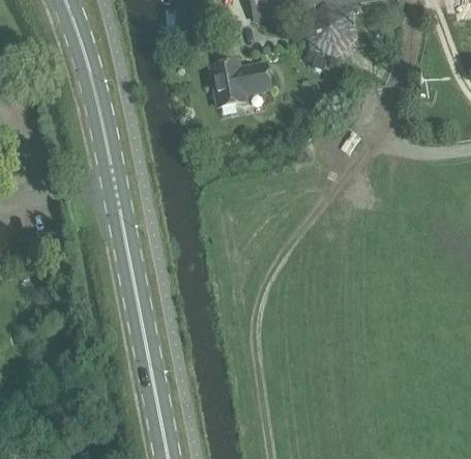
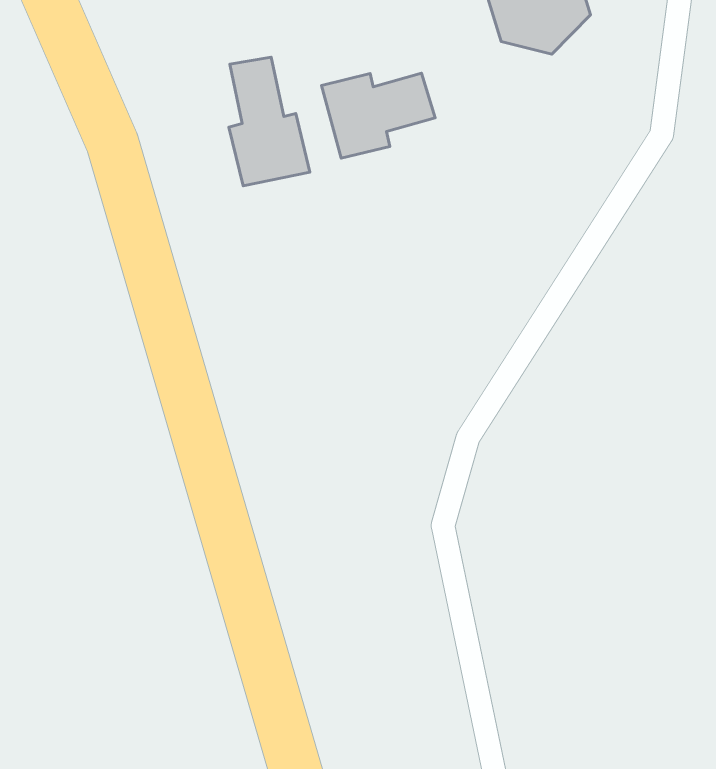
building: none -> [229,57,310,186]

